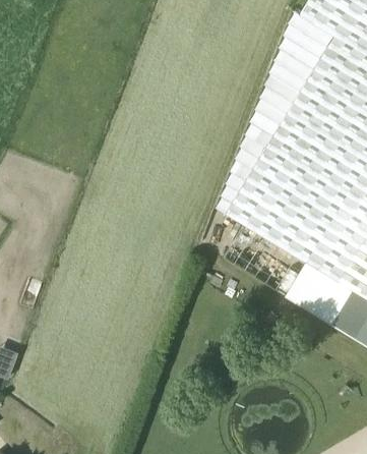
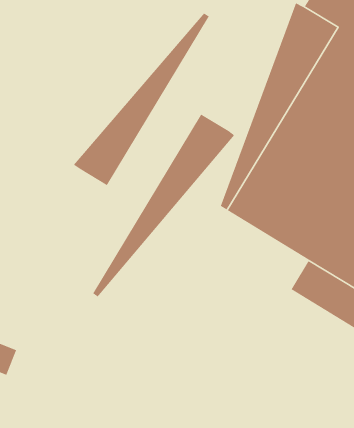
building: none -> [73,13,210,186]
building: none -> [92,113,235,297]

